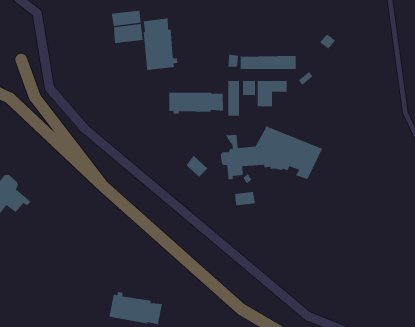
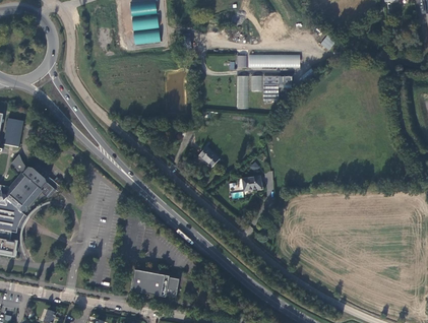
building: [143,18,178,71] -> none
building: [169,92,224,115] -> none
building: [220,125,323,180] -> none

